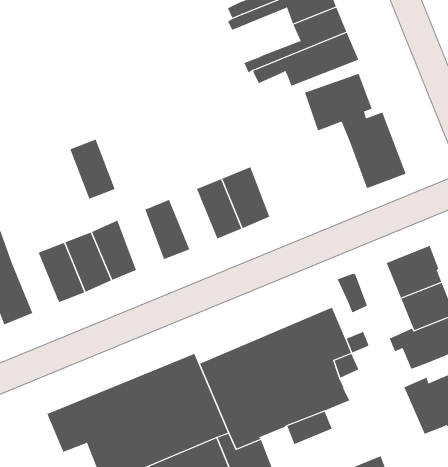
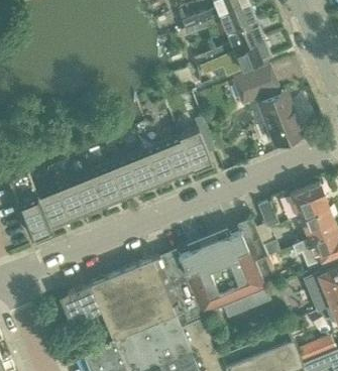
building: [70,139,115,200] -> [107,158,138,200]
building: none -> [142,144,175,185]
building: none -> [35,188,67,229]

